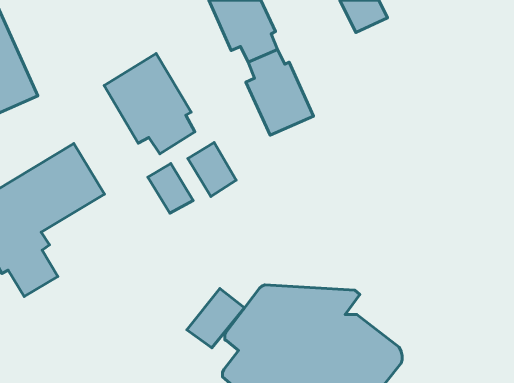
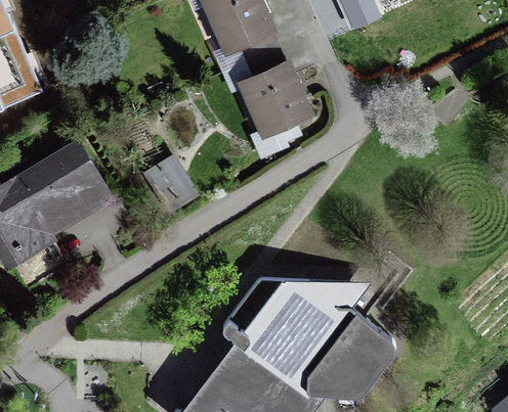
building: [104,54,195,154] -> none
building: [188,143,236,197] -> none
building: [187,288,245,348] -> none

